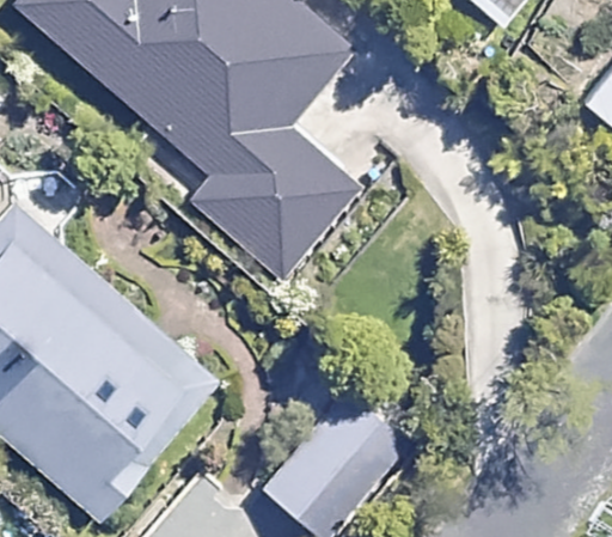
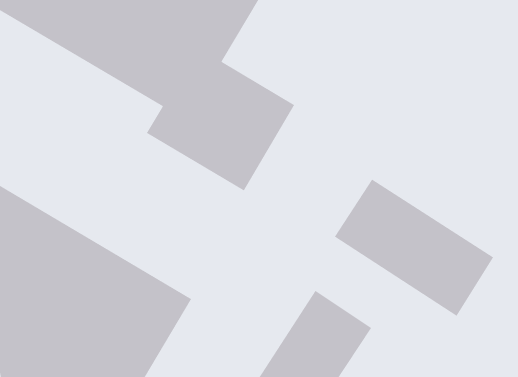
building: none -> [334,179,494,317]

